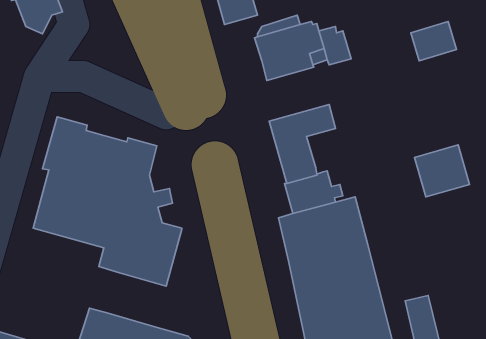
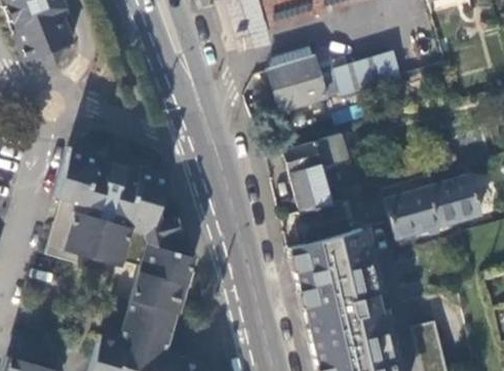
building: [411,21,456,61] -> [353,49,398,88]
building: none -> [381,186,435,237]
building: none -> [121,300,179,354]

